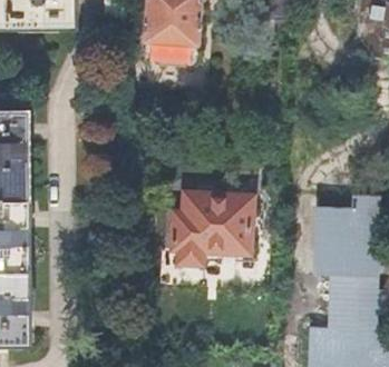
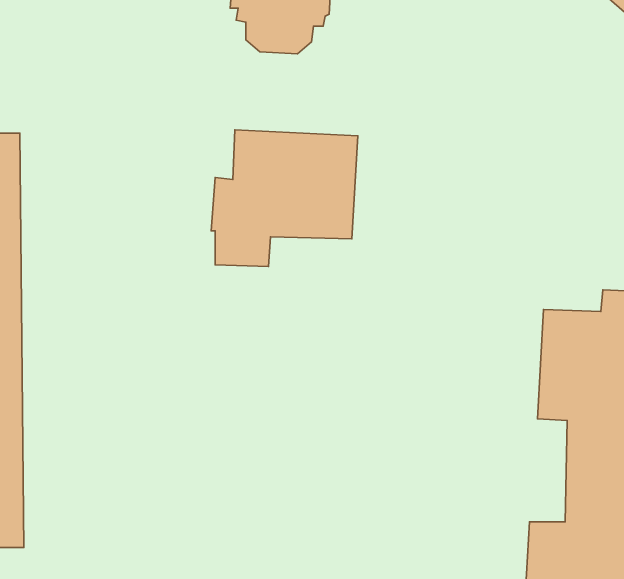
building: [171,194,253,270] -> [211,130,358,267]

